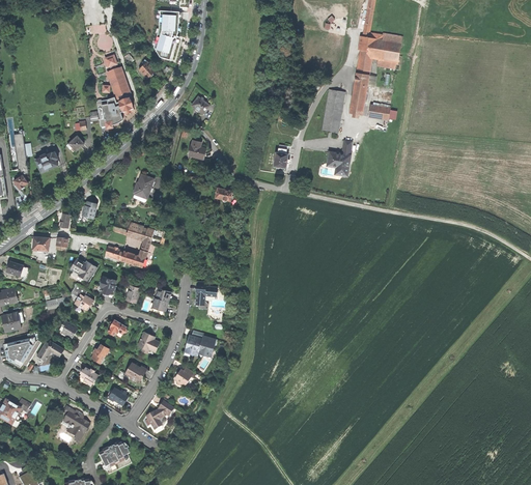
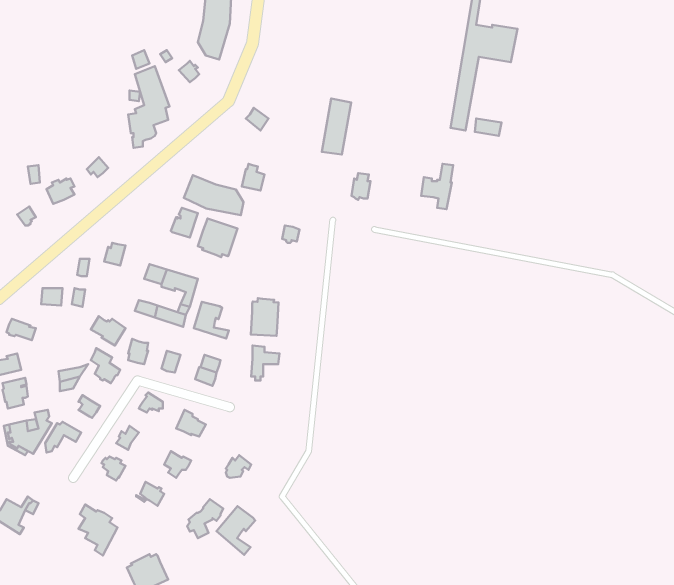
building: [322,88,344,132] -> [322,98,351,155]
building: none -> [184,175,243,215]
building: none -> [198,218,237,257]
building: none -> [251,298,278,336]
building: none -> [194,302,229,339]
building: [185,330,215,355] -> none
building: none -> [217,506,255,555]

